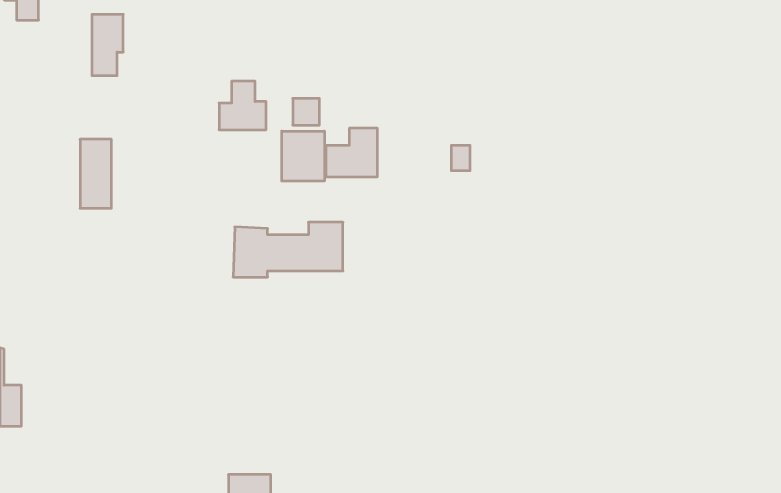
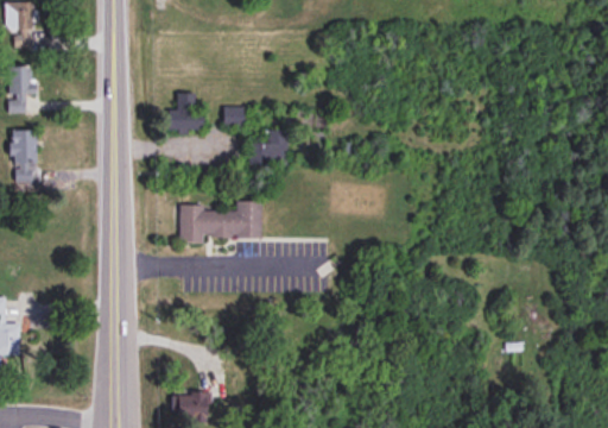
building: [92,14,123,76] -> [8,67,32,113]
building: [282,131,324,181] -> none
building: [80,139,111,208] -> [12,131,36,183]

